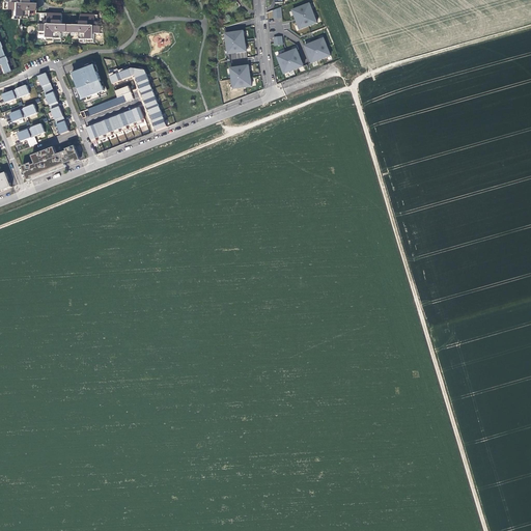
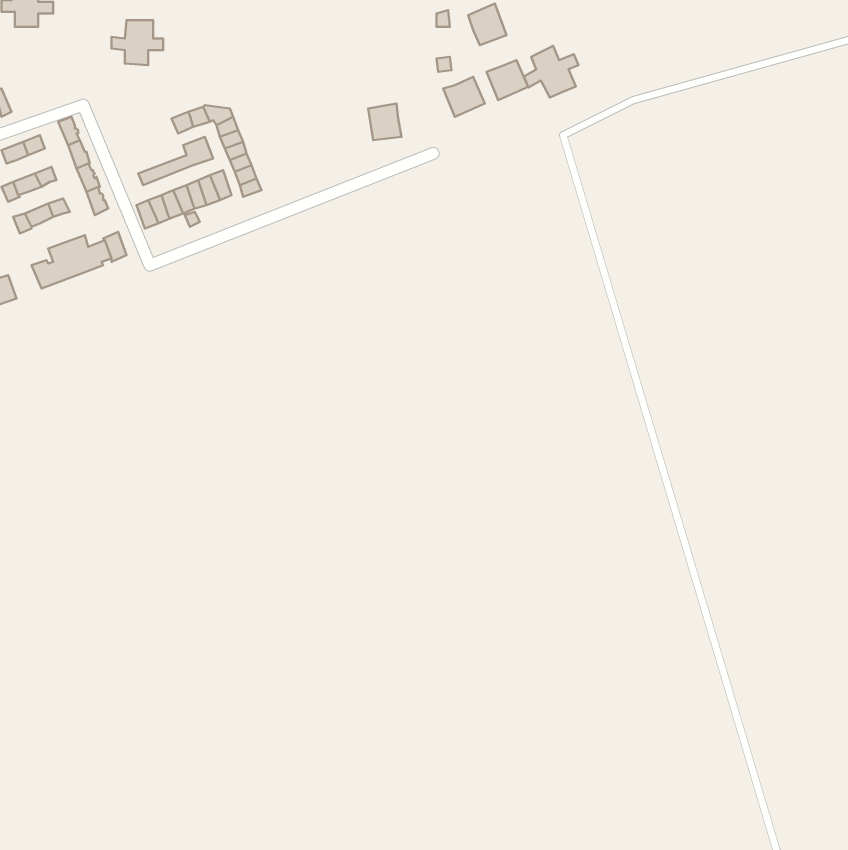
building: [36,11,69,39] -> none
building: none -> [524,46,578,97]
building: [223,30,245,53] -> none
building: [71,61,105,103] -> none

